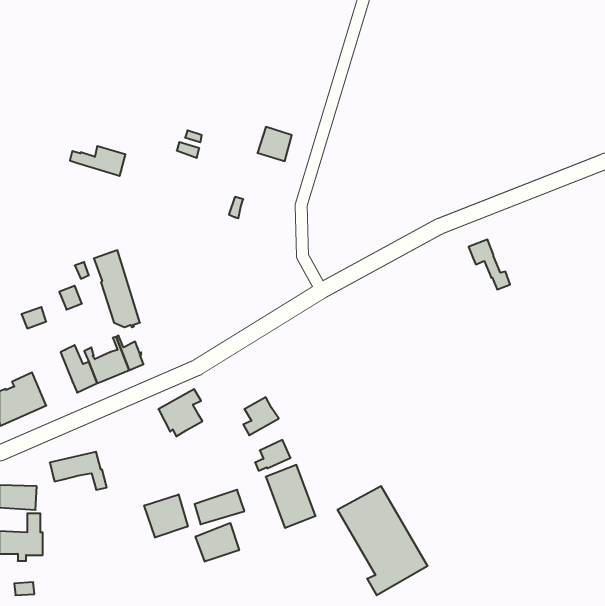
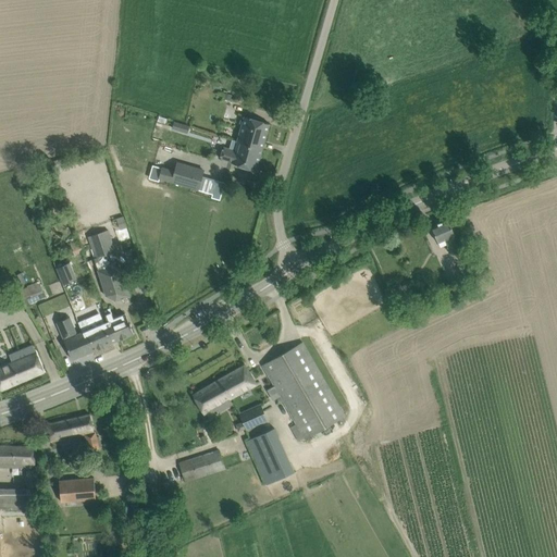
building: [70,146,126,176] -> [151,162,202,189]
building: none -> [219,140,261,170]
building: [158,389,202,436] -> [191,375,232,419]
building: [337,486,428,595] -> [261,343,344,443]
building: [144,494,188,538] -> none
building: none -> [58,478,95,502]
building: [196,523,239,562] -> none

